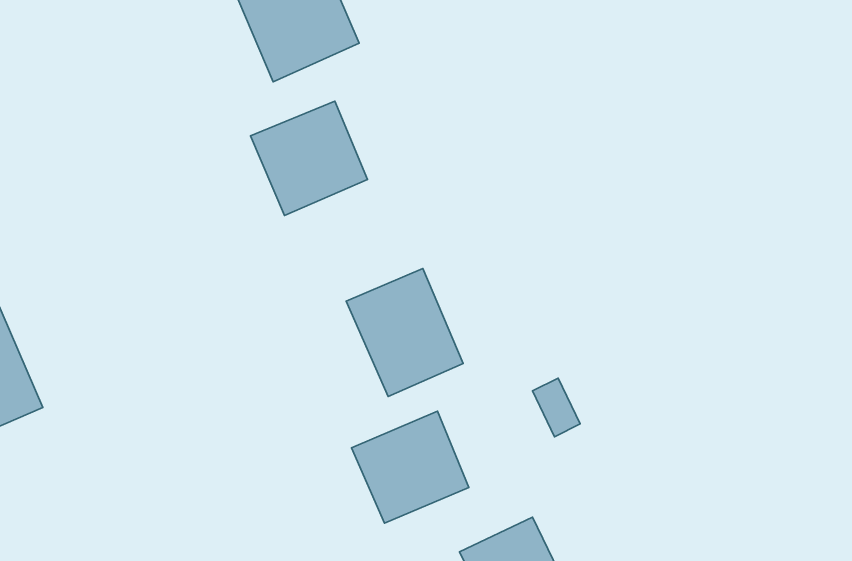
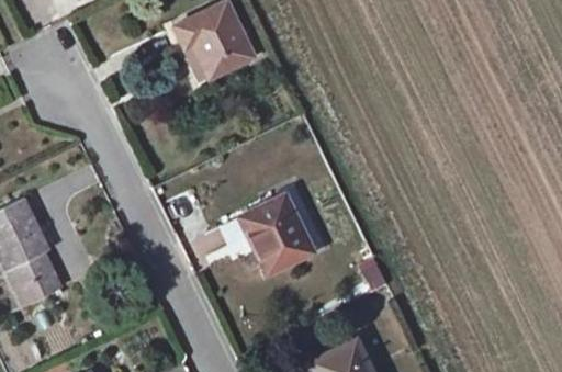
building: [250,101,368,216] -> none
building: [352,411,469,523] -> none

